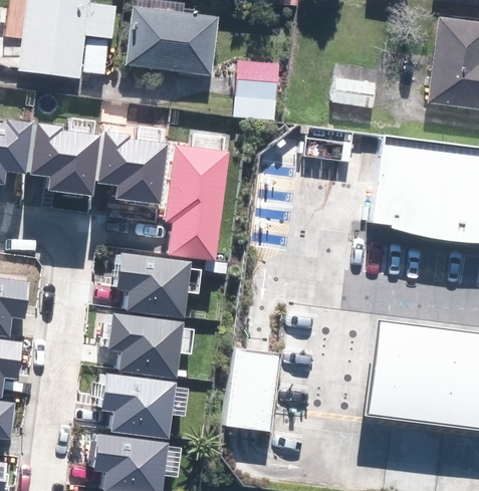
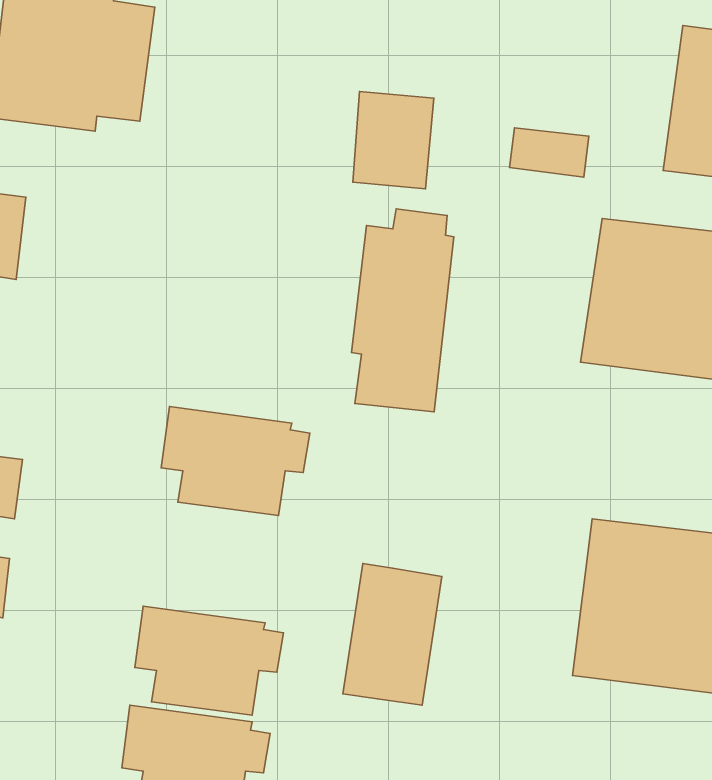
building: [117,7,215,79] -> none
building: [31,117,101,196] -> none
building: [98,126,169,204] -> none
building: [167,135,229,258] -> [351,209,454,412]
building: [103,311,194,379] -> none

